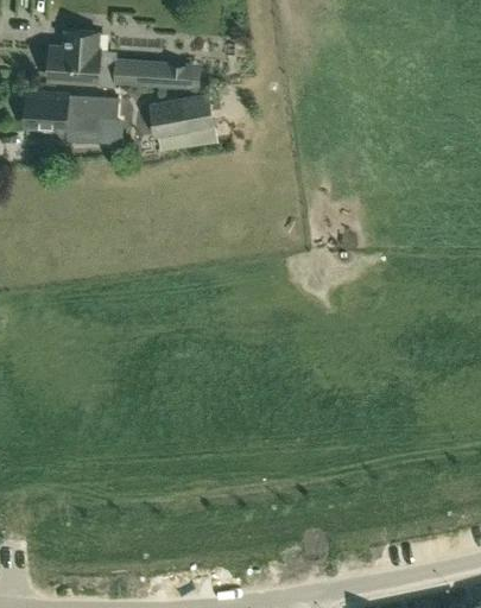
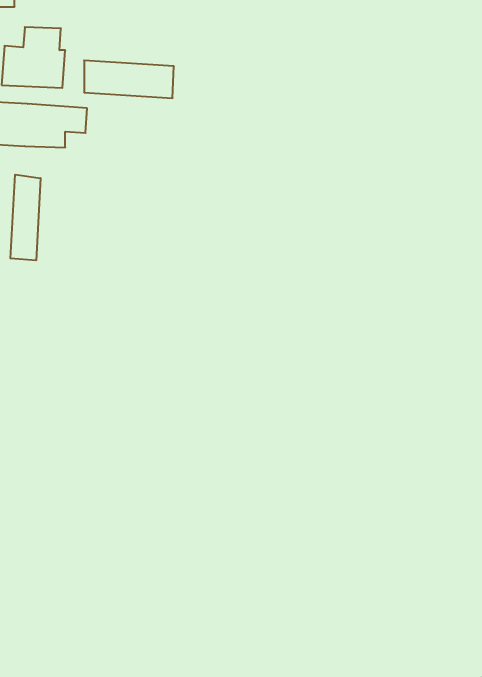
building: [148,95,217,151] -> none
building: none -> [10,175,41,260]

